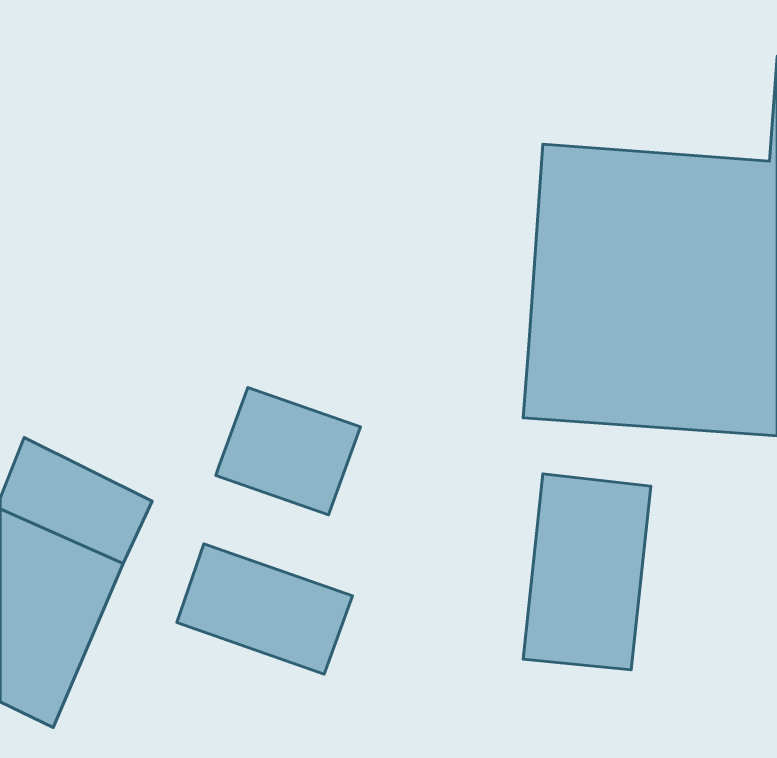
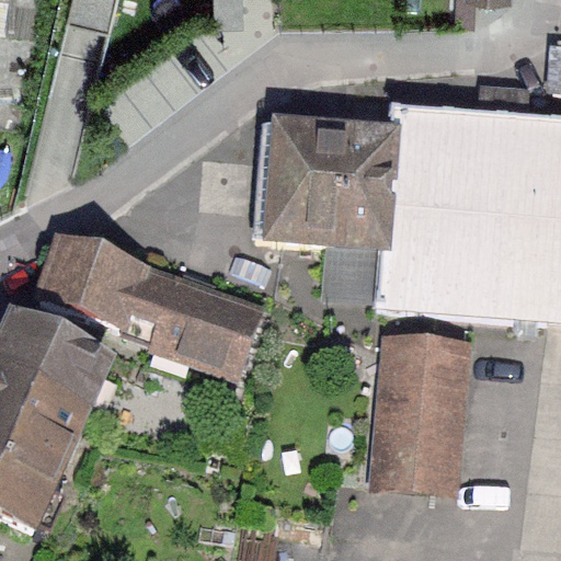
building: none -> [264,126,389,245]
building: none -> [43,238,179,336]
building: [177,544,352,674] -> none

